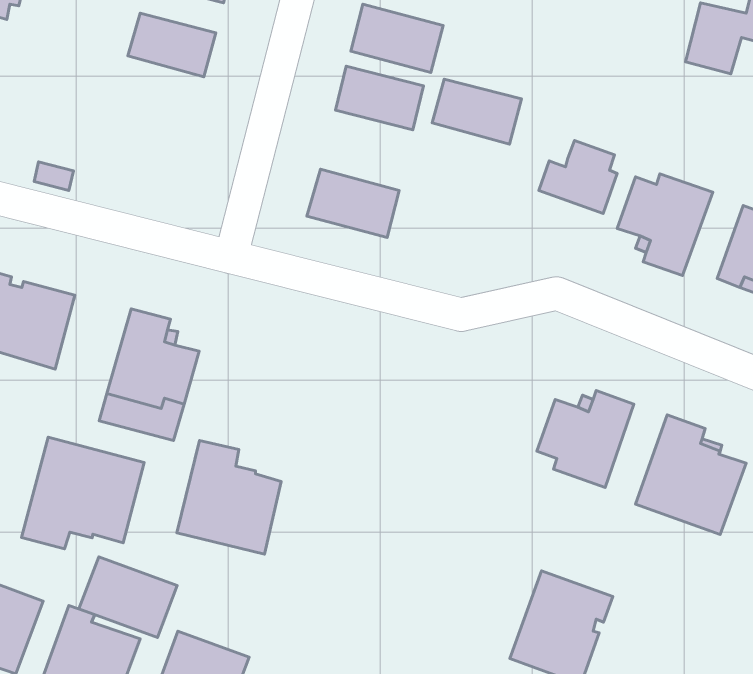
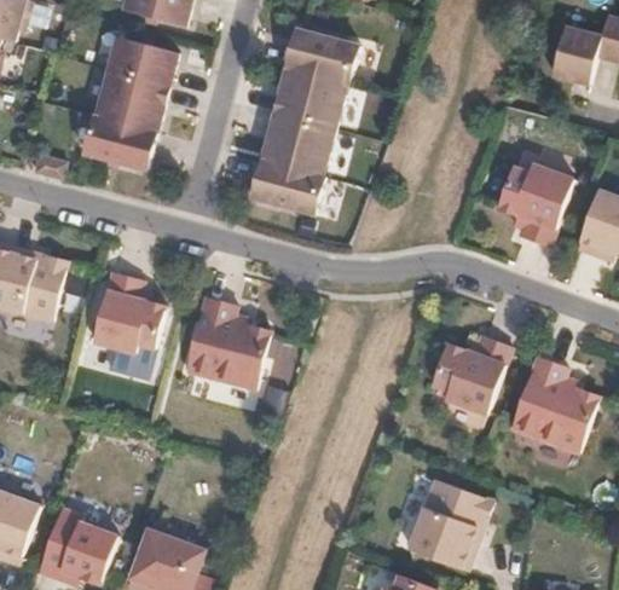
building: none -> [98,69,168,121]
building: [432,79,522,144] -> [264,112,335,164]
building: none -> [82,115,156,169]
building: [539,141,617,214] -> none
building: [21,437,144,549] -> none
building: [177,441,281,554] -> [186,296,270,387]
building: [79,557,177,638] -> none

